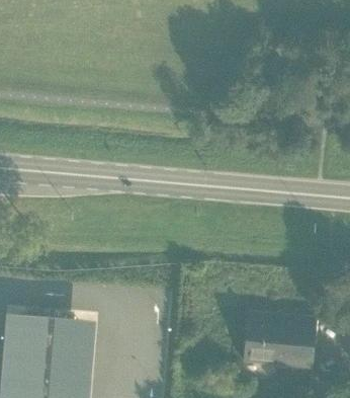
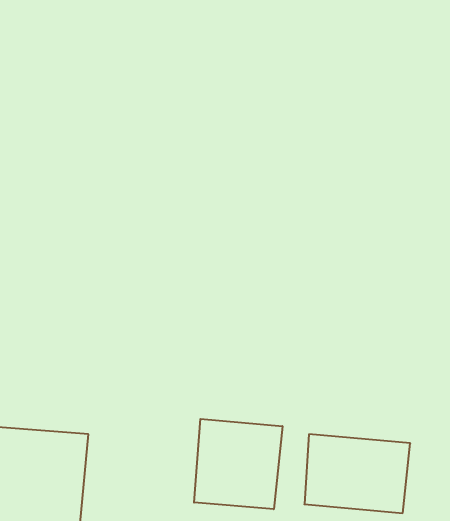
building: none -> [194,419,282,509]

